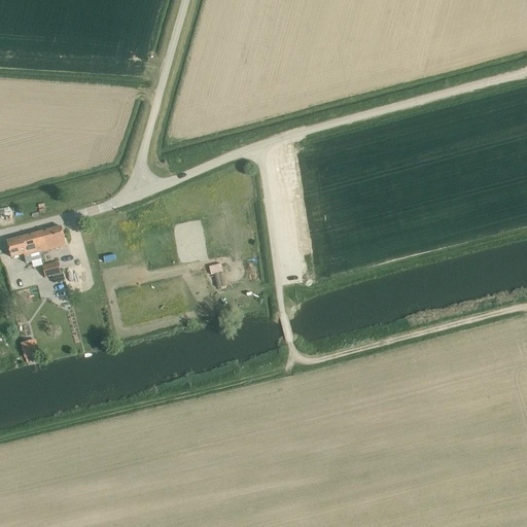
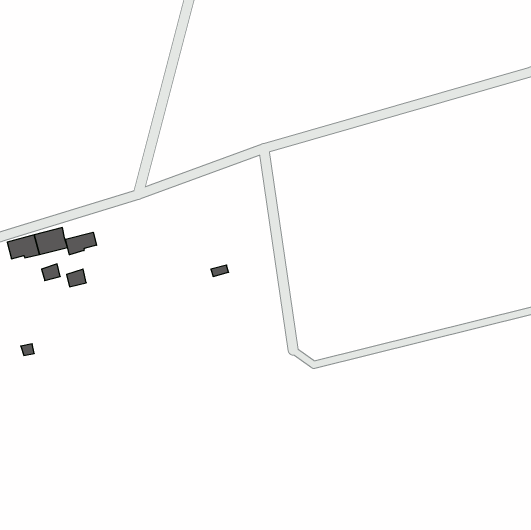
building: none -> [65,232,97,255]

